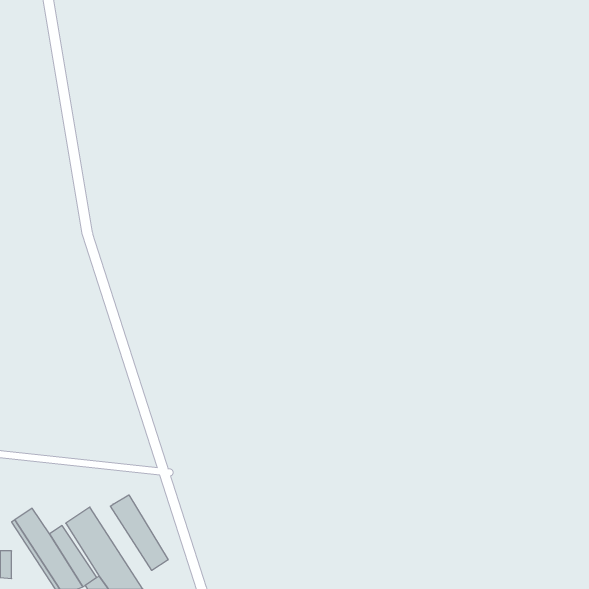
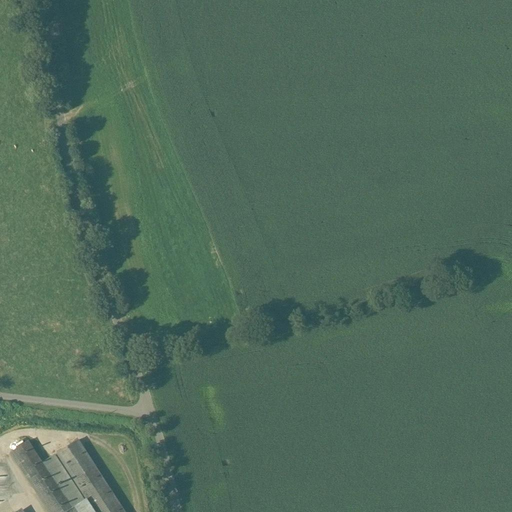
building: [110,495,168,570] -> none

